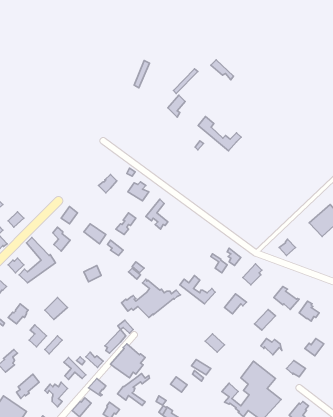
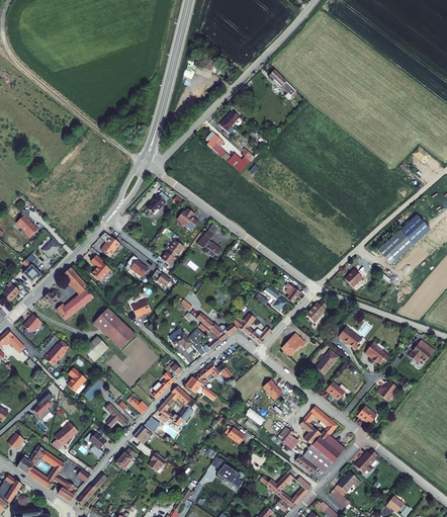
building: [198,116,241,151] -> [206,136,254,174]
building: none -> [95,310,136,349]
building: [118,374,150,406] -> [186,363,221,399]

